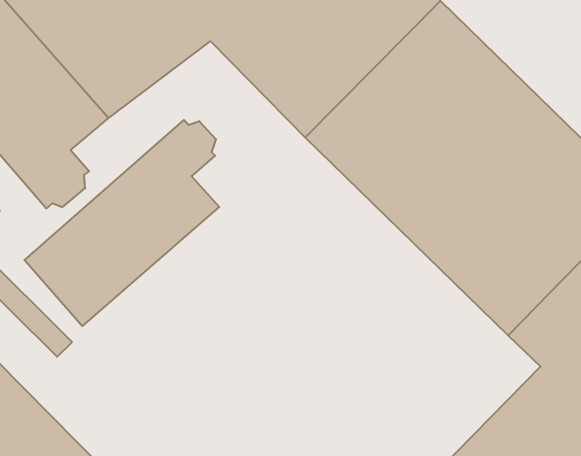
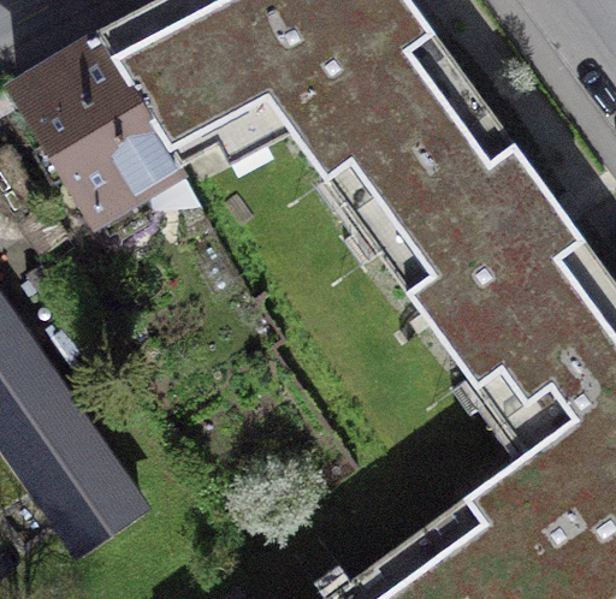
building: [24,120,219,326] -> none

